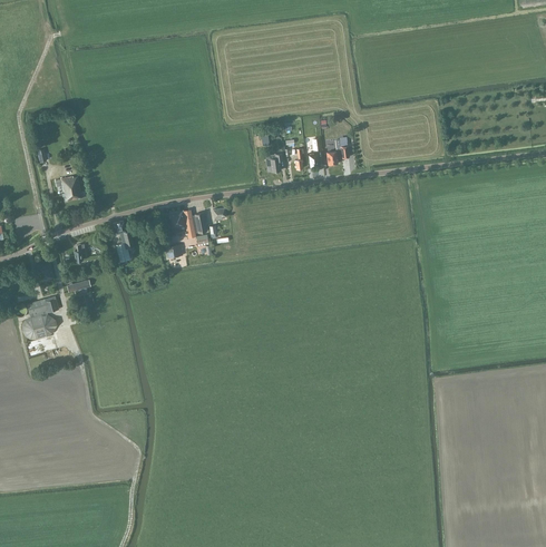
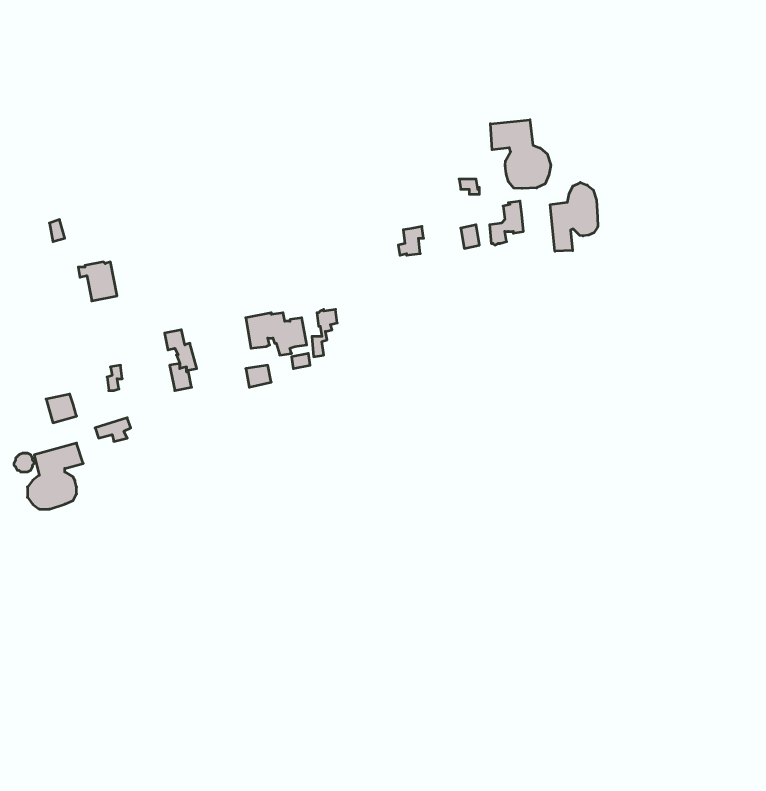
building: none -> [490,120,551,188]
building: none -> [550,182,598,251]

